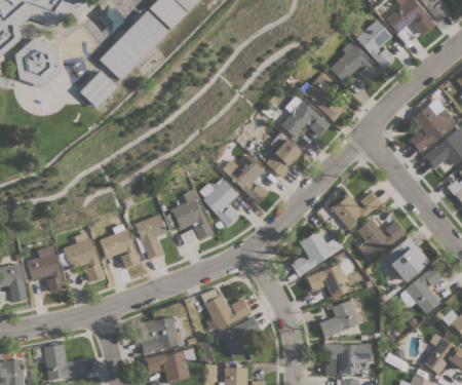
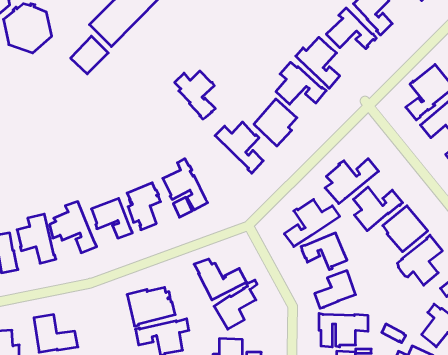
building: [199,180,239,227] -> [175,71,215,119]

